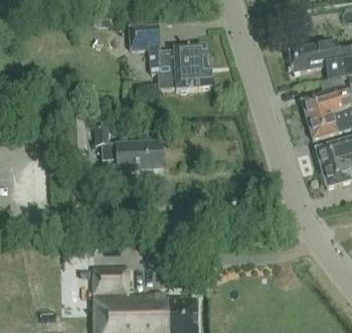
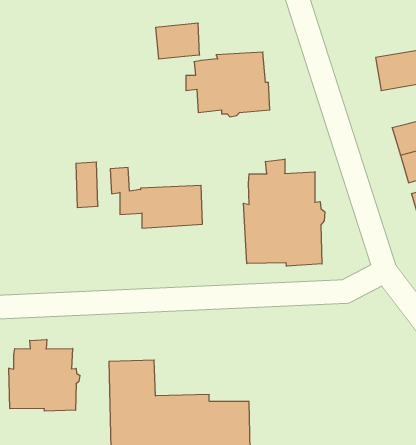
building: none -> [244,159,325,266]
building: none -> [9,339,80,411]

